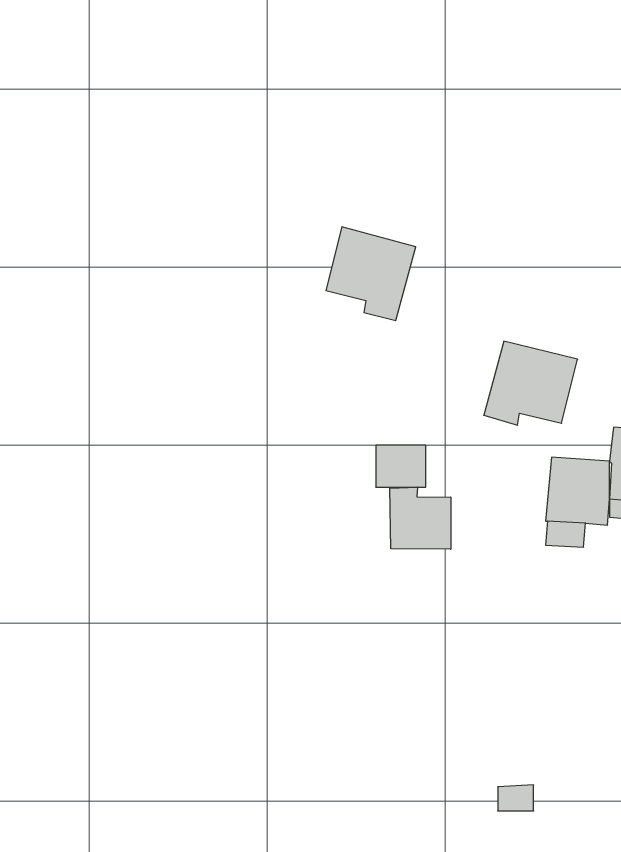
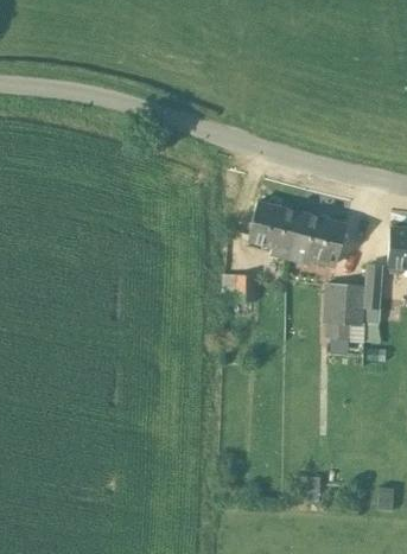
building: [326,227,416,321] -> [248,203,301,259]
building: [390,487,451,549] -> none

